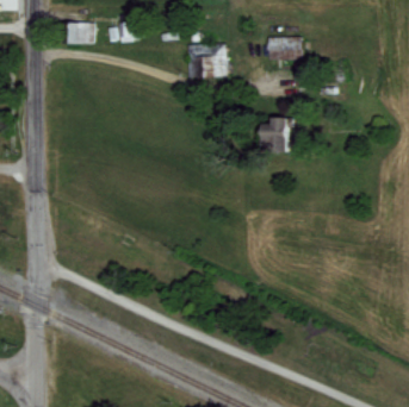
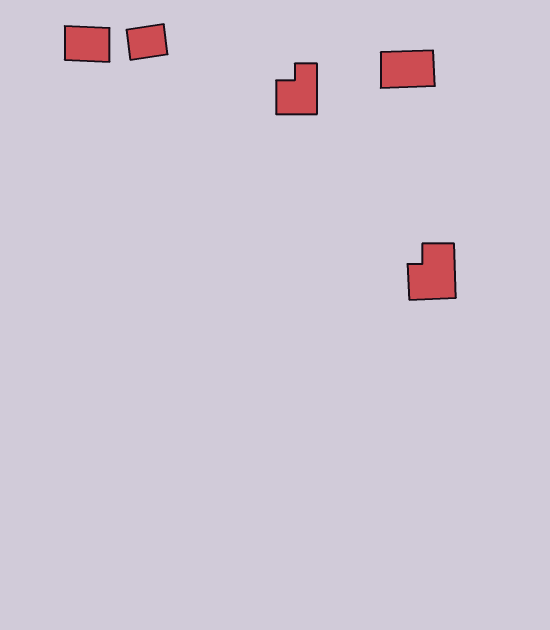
building: [254,117,285,152] -> [407,244,456,300]

